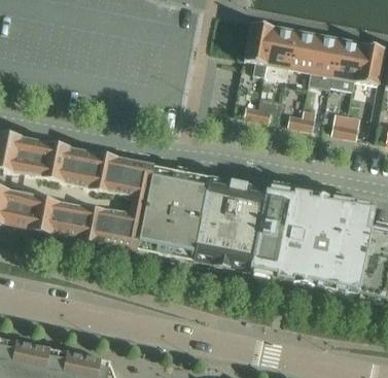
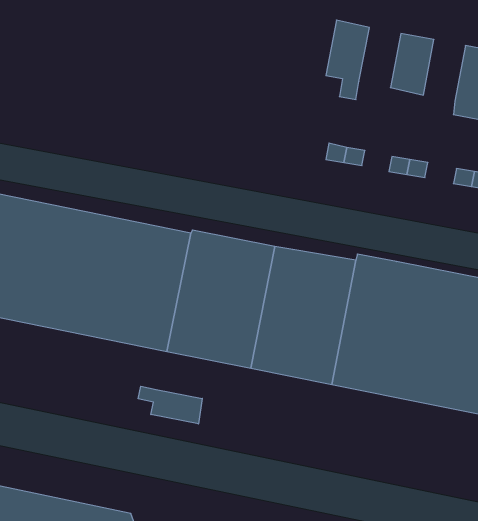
building: [266,27,296,80] -> none
building: [310,35,341,89] -> none
building: none -> [138,386,202,424]

